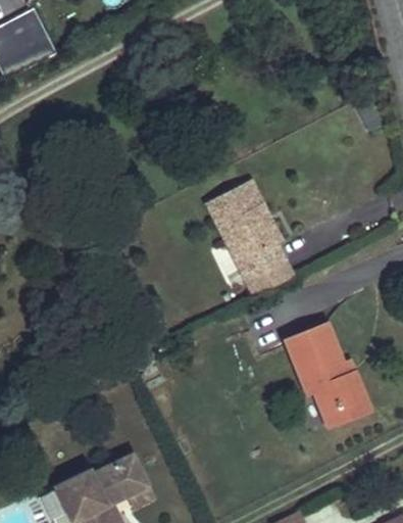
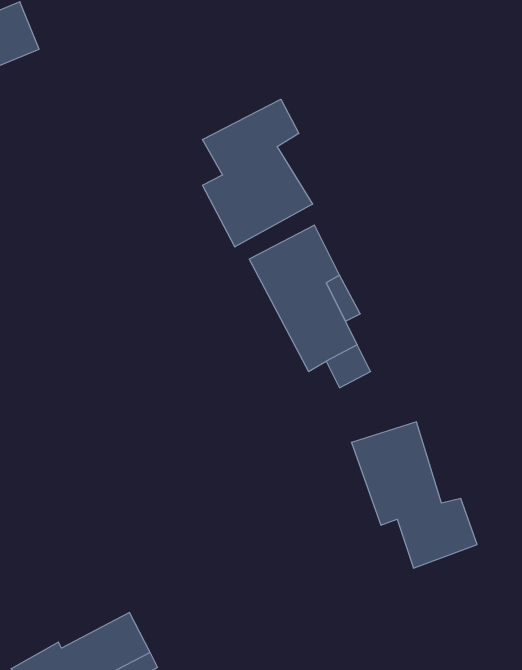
building: none -> [202,99,313,247]

